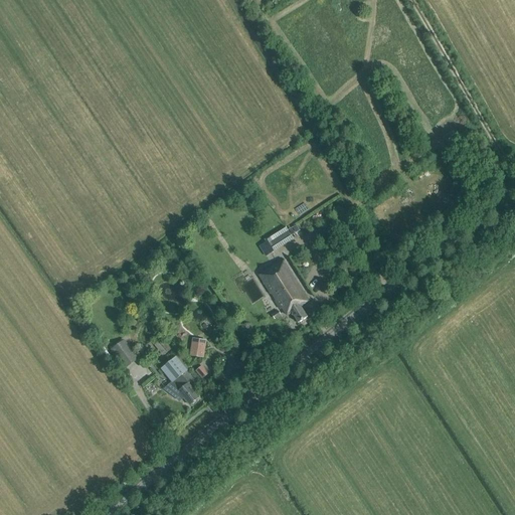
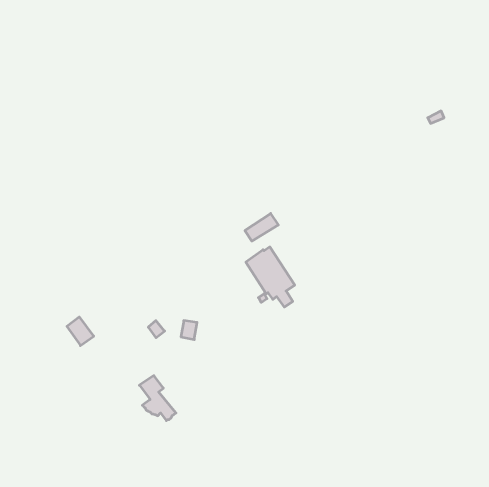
building: [111,338,139,368] -> [67,317,94,346]
building: [162,357,200,404] -> [139,376,176,421]

